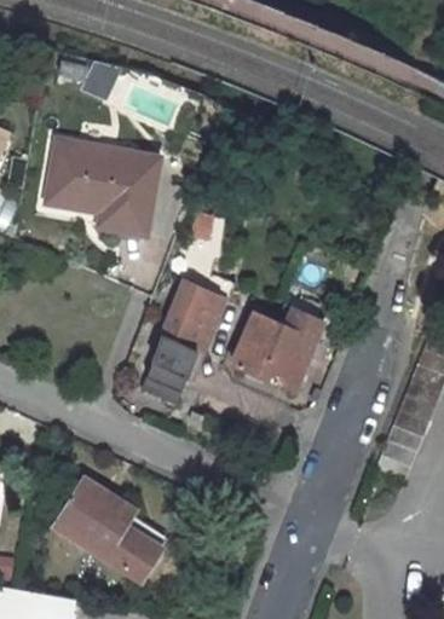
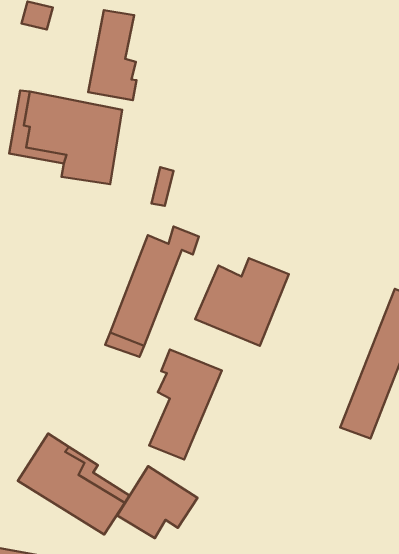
building: none -> [88,10,136,100]
building: none -> [149,349,222,459]
building: none -> [117,466,198,538]

